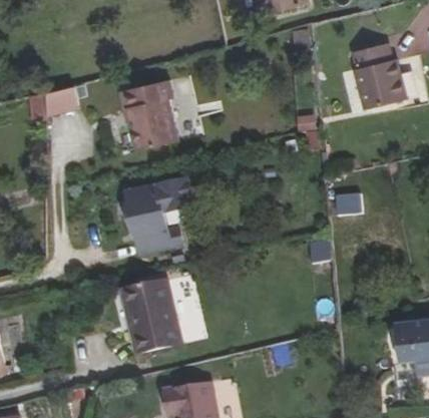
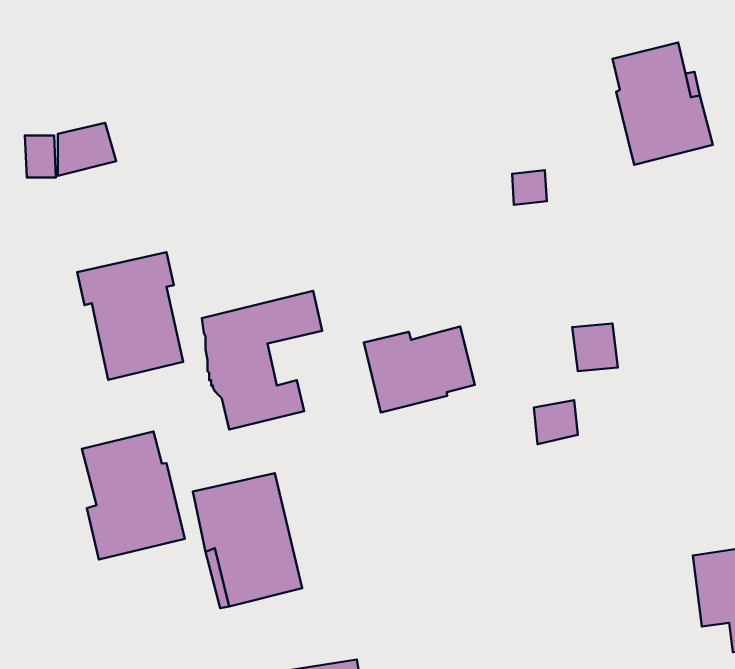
building: [119,80,177,150] -> [77,252,183,380]
building: none -> [364,327,475,412]
building: none -> [82,431,185,559]

